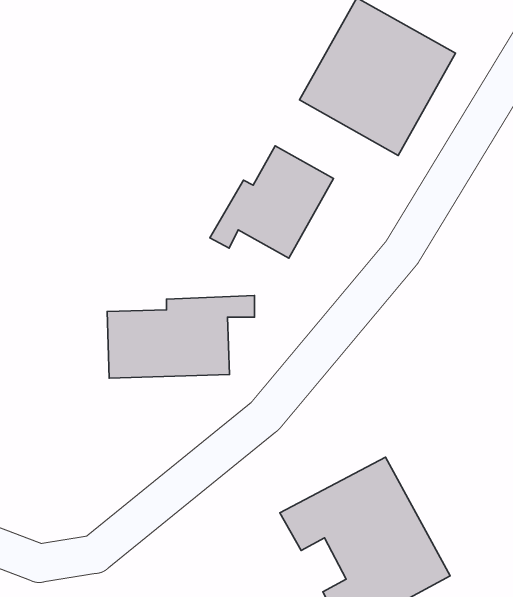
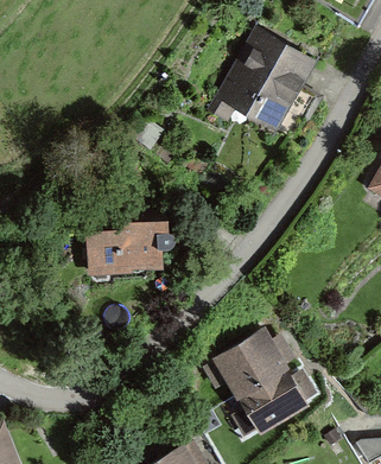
building: [210,146,333,258] -> none

